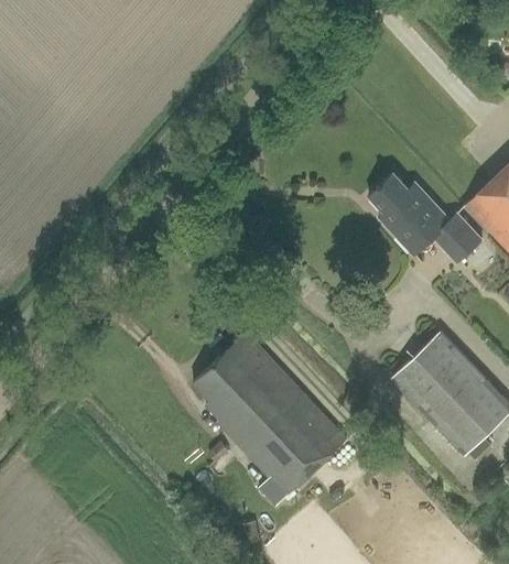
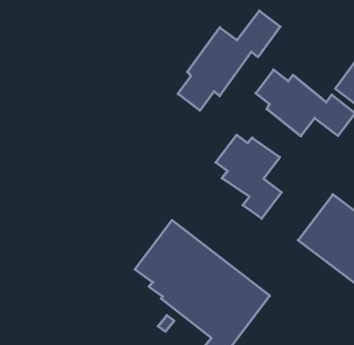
building: none -> [178,11,280,110]
building: none -> [216,135,282,219]

